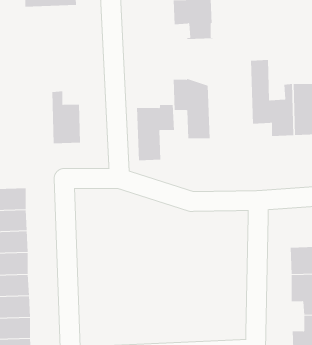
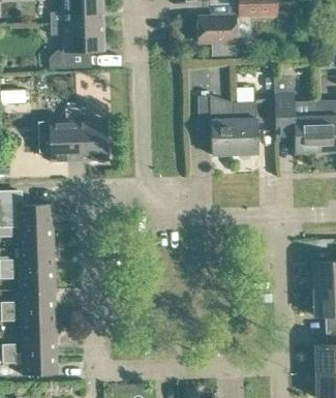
building: none -> [50,23,103,69]
building: none -> [38,109,79,160]
building: [136,105,175,161] -> [233,99,271,155]

